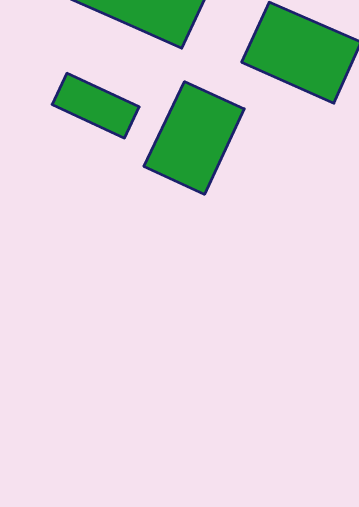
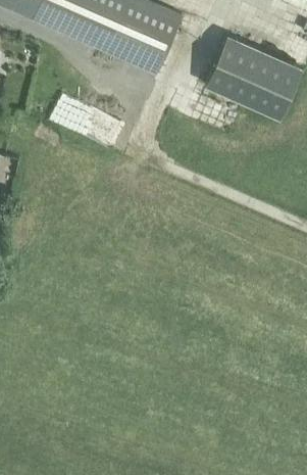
building: [144,82,244,194] -> none

